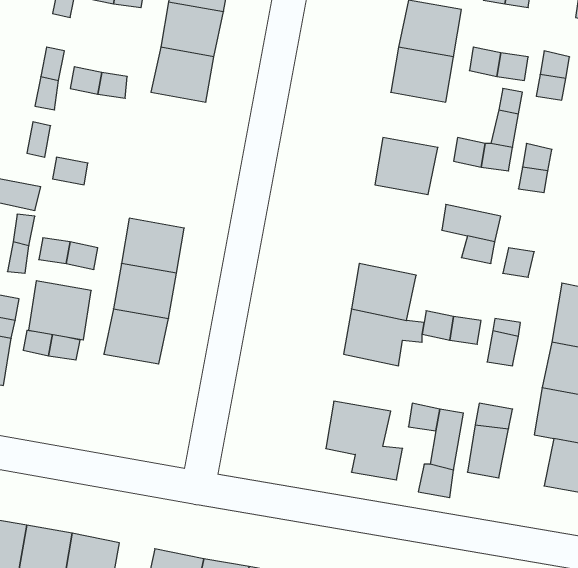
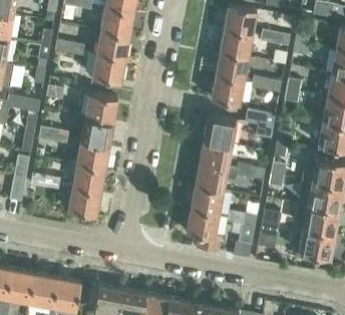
building: none -> [92,53,124,83]
building: none -> [215,53,247,81]
building: none -> [85,94,117,122]
building: none -> [203,116,236,146]
building: [28,281,91,340] -> [68,187,100,217]
building: none -> [190,187,223,216]

